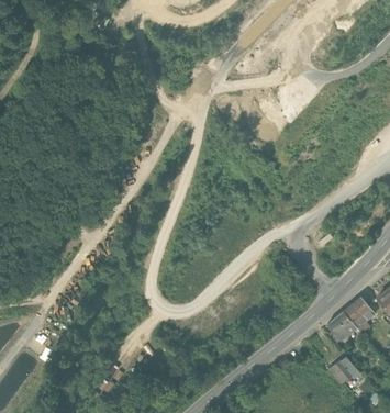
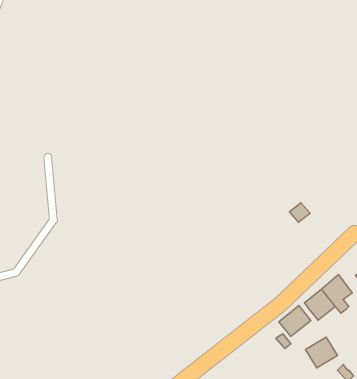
building: none -> [279,306,311,337]

